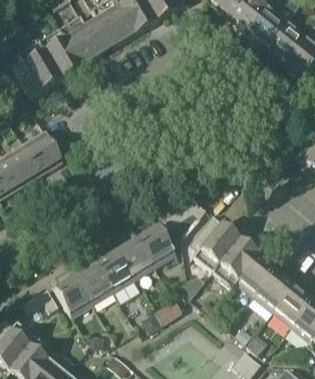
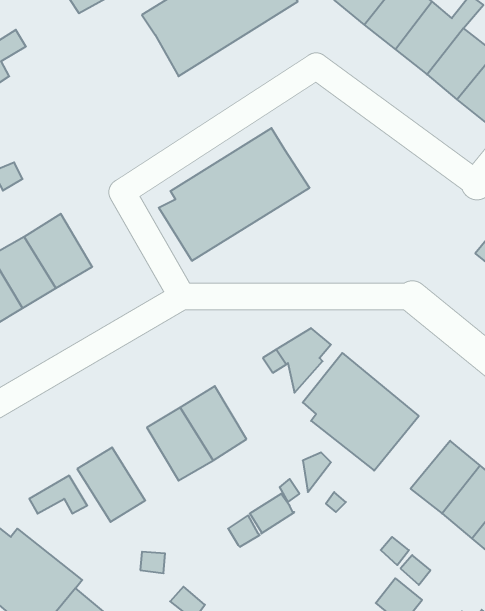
building: [12,17,103,97] -> [159,128,310,261]
building: [136,223,177,267] -> none
building: [233,253,279,297] -> none
building: [74,260,114,304] -> none

